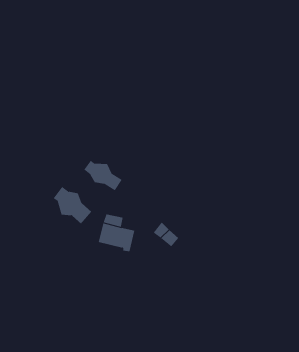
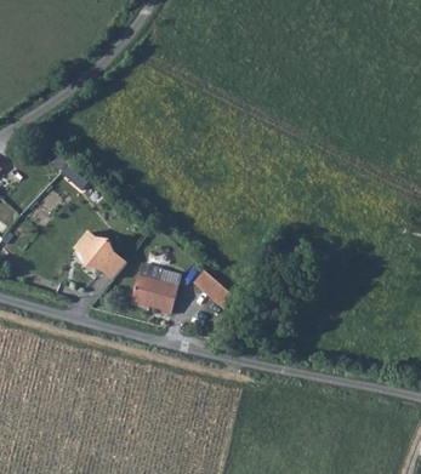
building: [83,160,123,191] -> none

